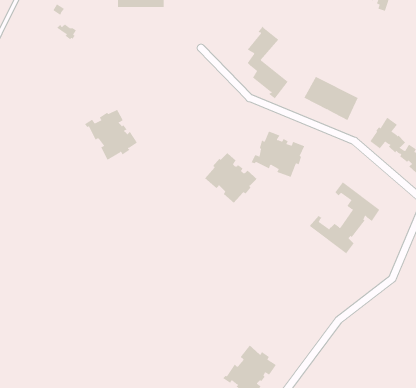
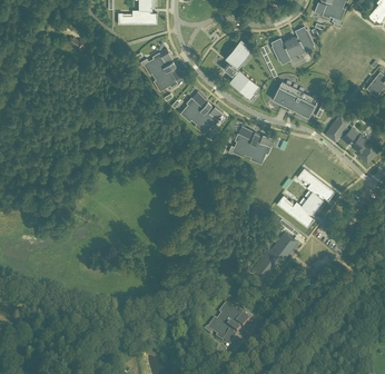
building: none -> [269,26,314,65]
building: [84,108,138,161] -> [139,48,184,91]
building: [204,151,258,204] -> [178,90,223,134]
building: none -> [253,232,296,277]

